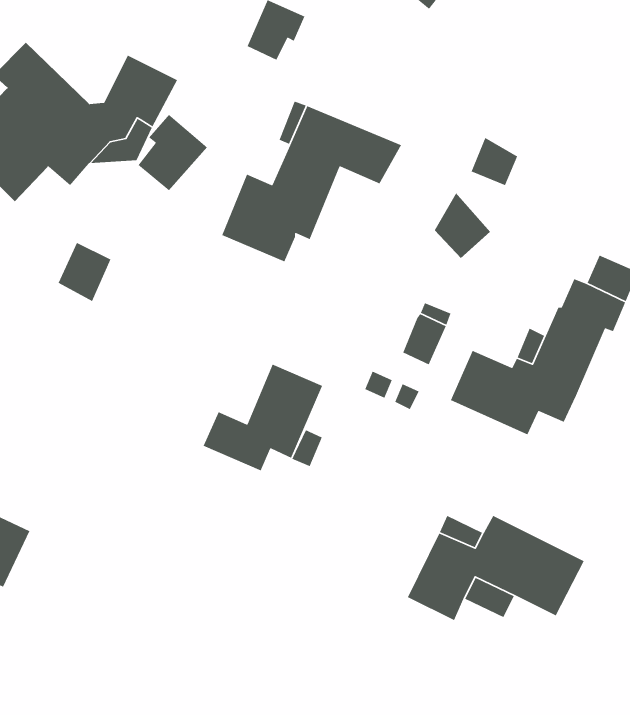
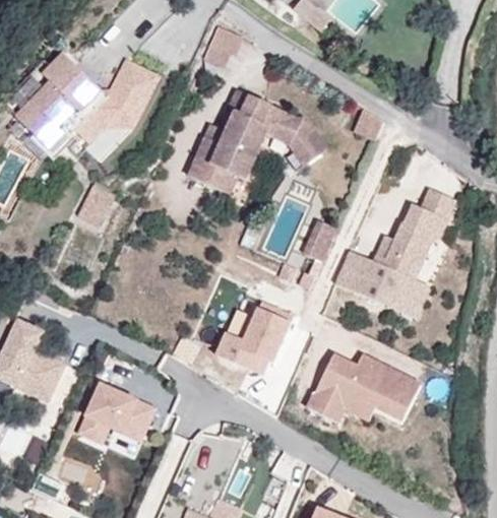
building: [137,114,208,191] -> none
building: [434,192,491,259] -> [289,119,325,161]
building: [202,363,323,471] -> [215,301,293,370]
building: none -> [383,278,428,317]
building: none -> [78,384,156,443]

